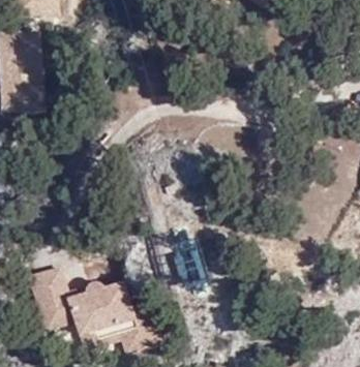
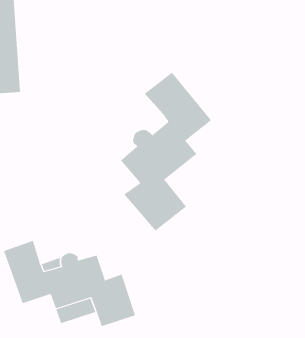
building: none -> [120,72,212,231]

